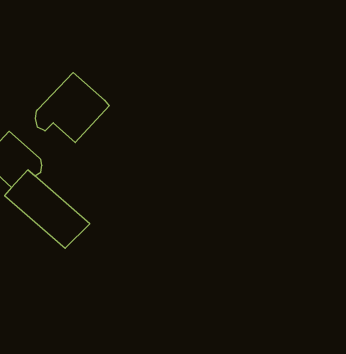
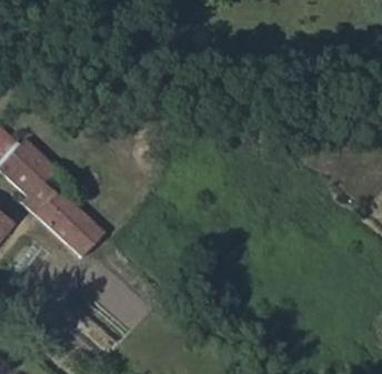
building: [35,73,109,143] -> none

